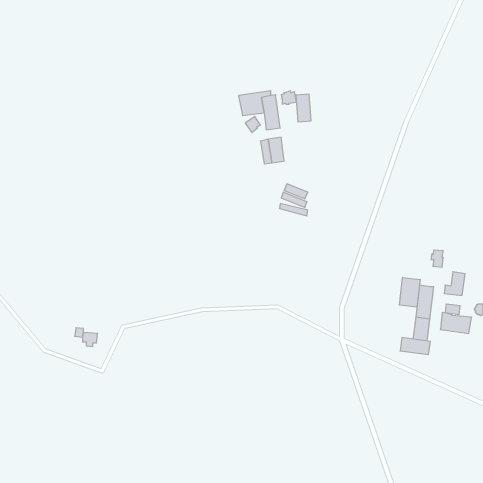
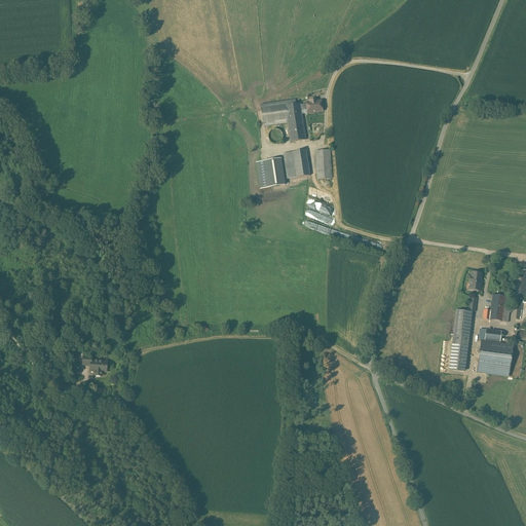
building: [296,94,311,122] -> [314,149,331,179]
building: none -> [255,157,284,187]
building: [399,277,420,307] -> none
building: [400,338,430,355] -> [476,358,509,376]

